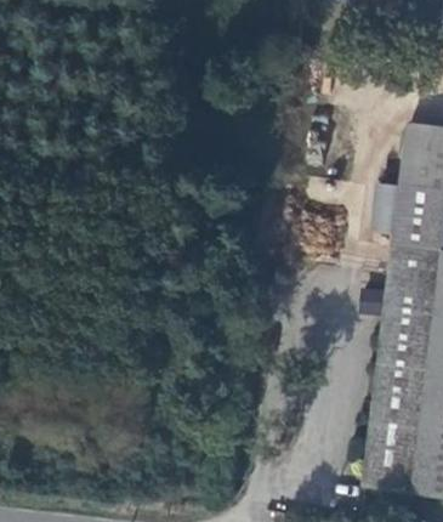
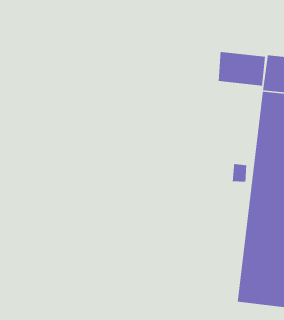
building: none -> [218,51,266,87]

